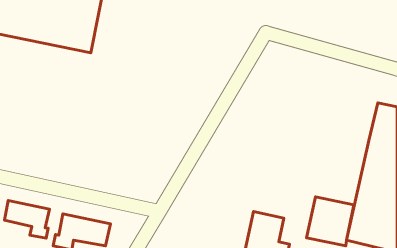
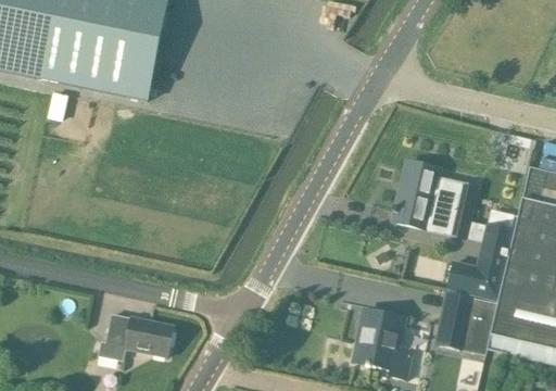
building: none -> [393,163,463,235]
building: none -> [446,210,517,302]
building: [4,201,49,238] -> none

